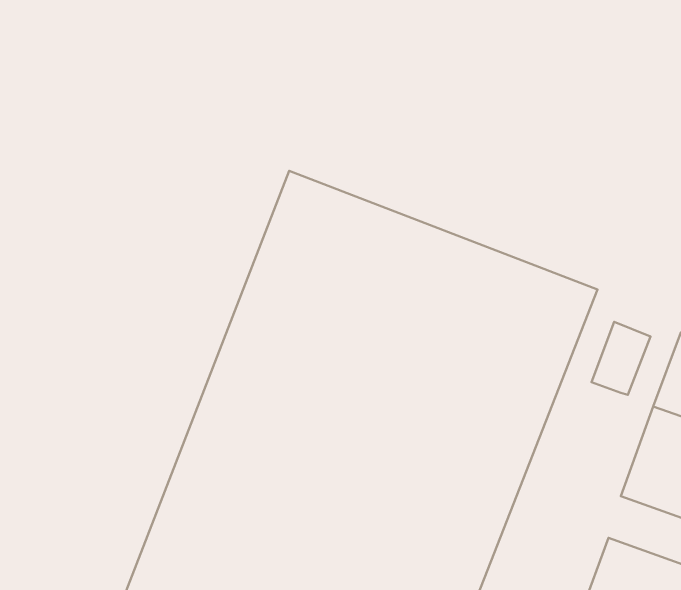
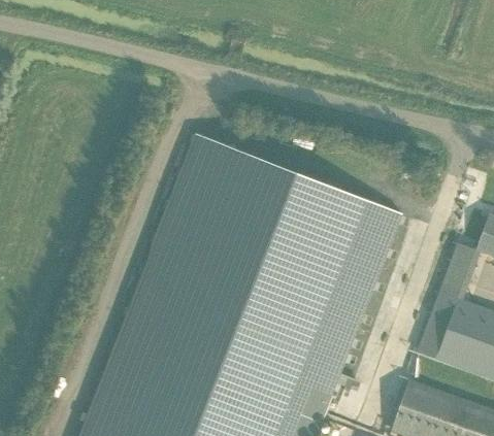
building: [591,322,651,395] -> none

